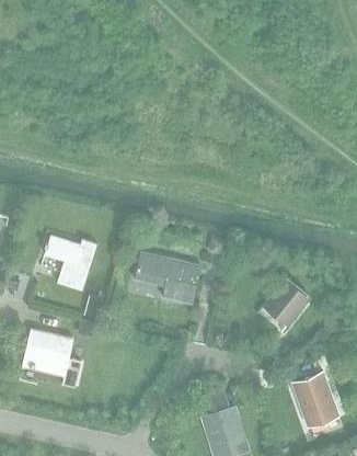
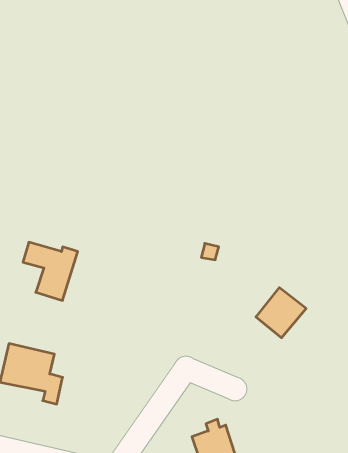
building: [134,253,201,304] -> none
building: [292,372,339,429] -> none

